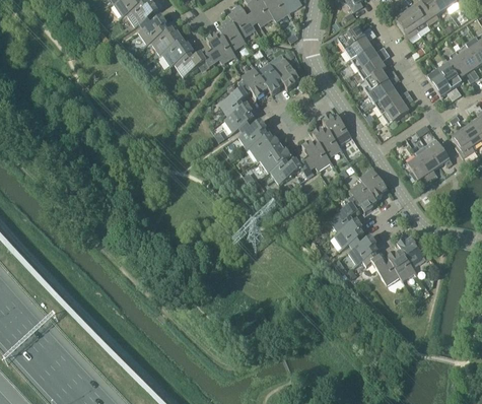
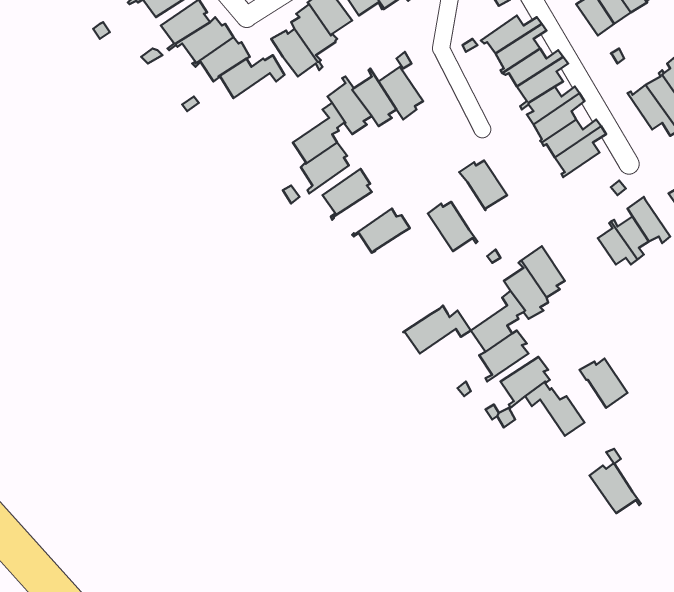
building: [313,128,343,157] -> none
building: [245,133,280,160] -> none
building: [269,154,311,184] -> [403,306,471,353]
building: [386,250,417,280] -> [590,464,641,513]

